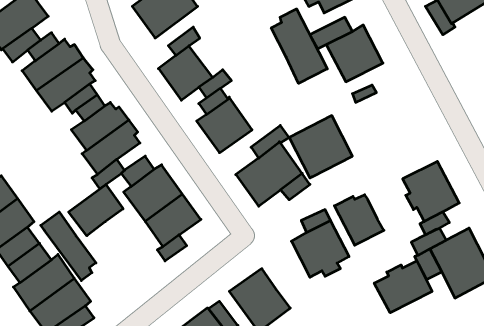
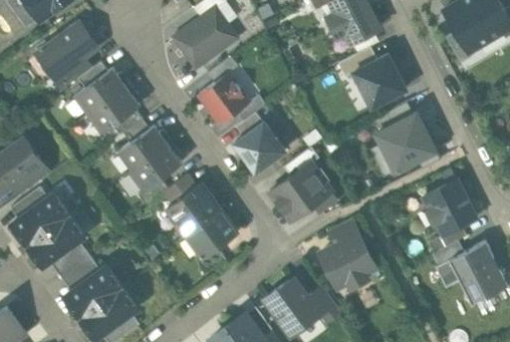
building: [271,9,327,83] -> none
building: [289,116,352,178] -> [376,113,435,170]
building: [69,184,123,236] -> none
building: [334,195,384,245] -> none
building: [41,212,96,281] -> none
building: [374,261,432,313] -> none
building: none -> [307,286,342,325]

